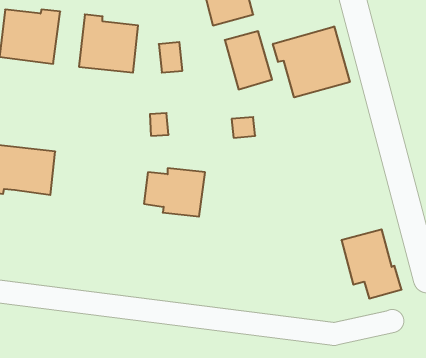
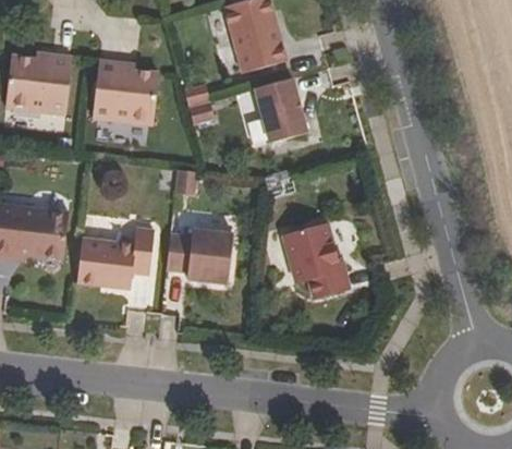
building: [273,26,350,97] -> none
building: none -> [76,228,154,289]
building: [341,229,402,298] -> [283,222,350,299]

